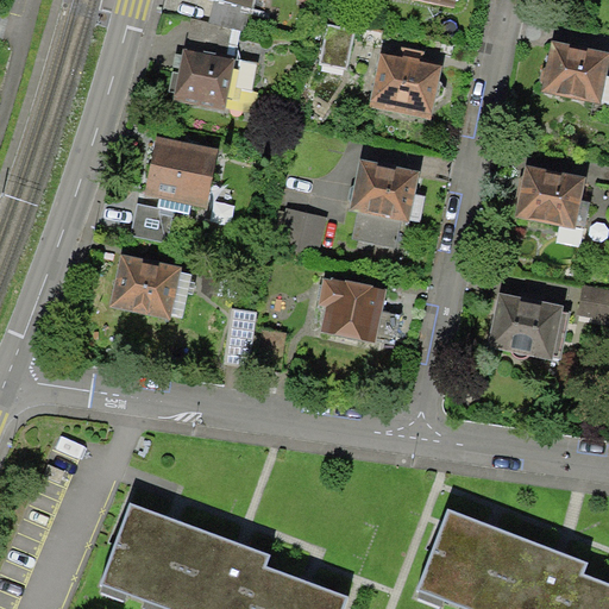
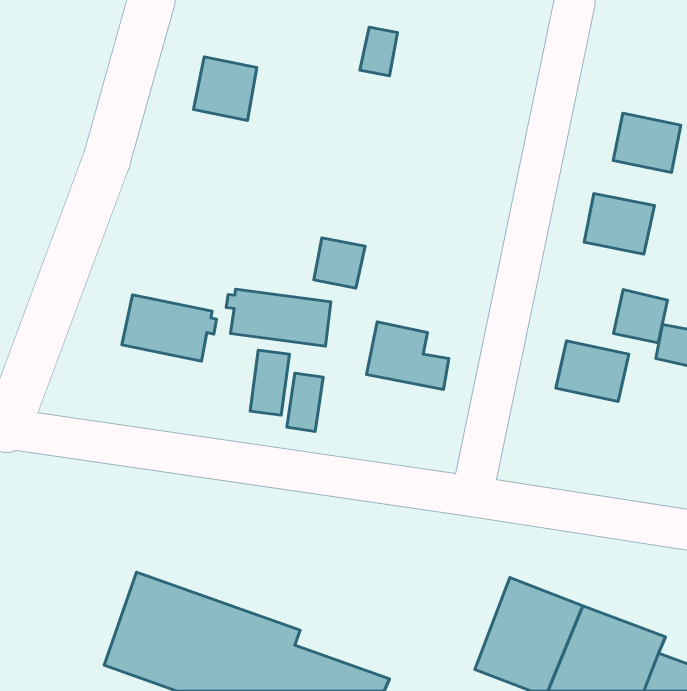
building: [544,45,603,98] -> [613,113,681,173]
building: [375,54,439,113] -> none
building: [144,143,215,203] -> none
building: [351,164,414,246] -> none
building: [128,202,172,245] -> none
building: none -> [226,289,331,346]
building: none -> [614,290,667,343]

